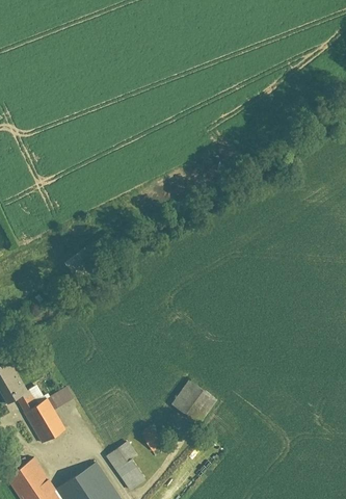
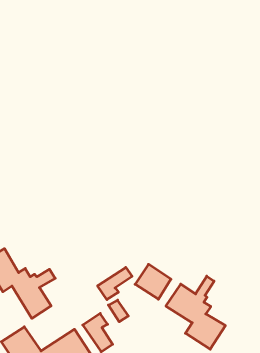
building: none -> [98,267,132,300]
building: none -> [166,276,225,349]

